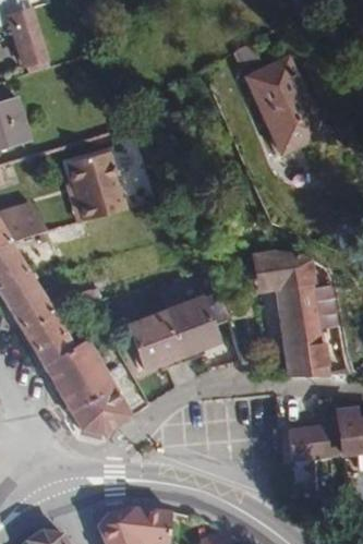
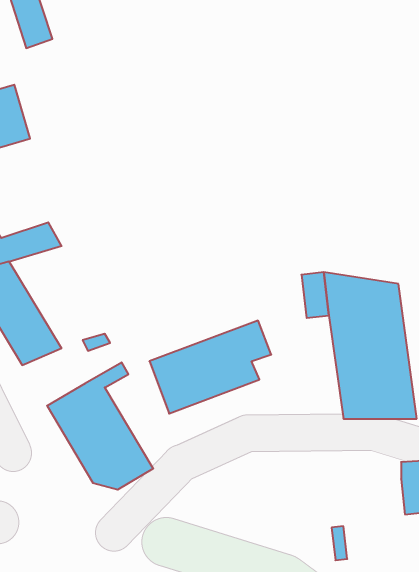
building: [233,43,319,153] -> none
building: [65,148,126,216] -> none
building: [22,315,74,363] -> none
building: [287,424,340,459] -> none

